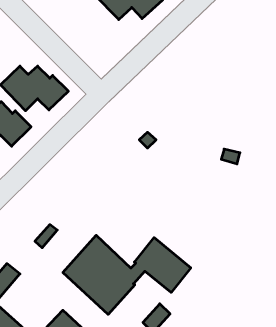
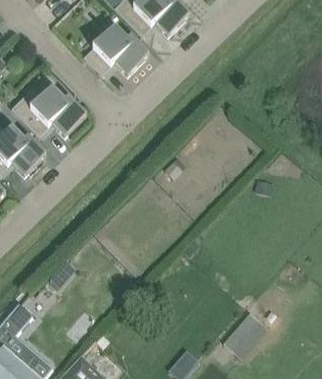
building: none -> [84,25,149,74]
building: [63,235,191,314] -> none
building: none -> [224,311,261,349]

